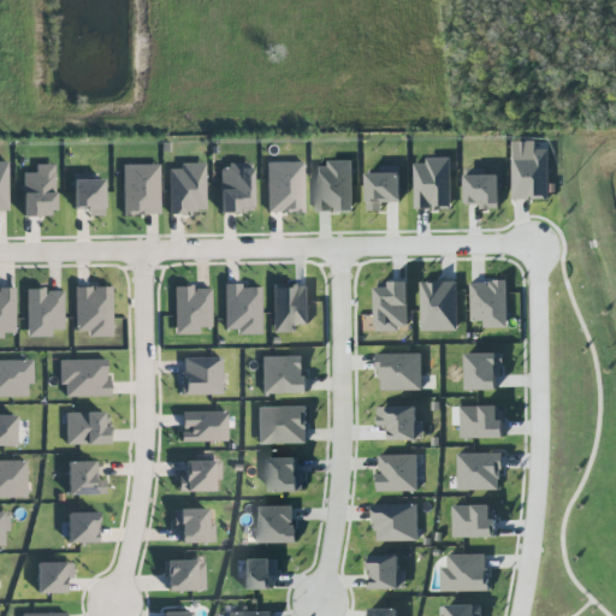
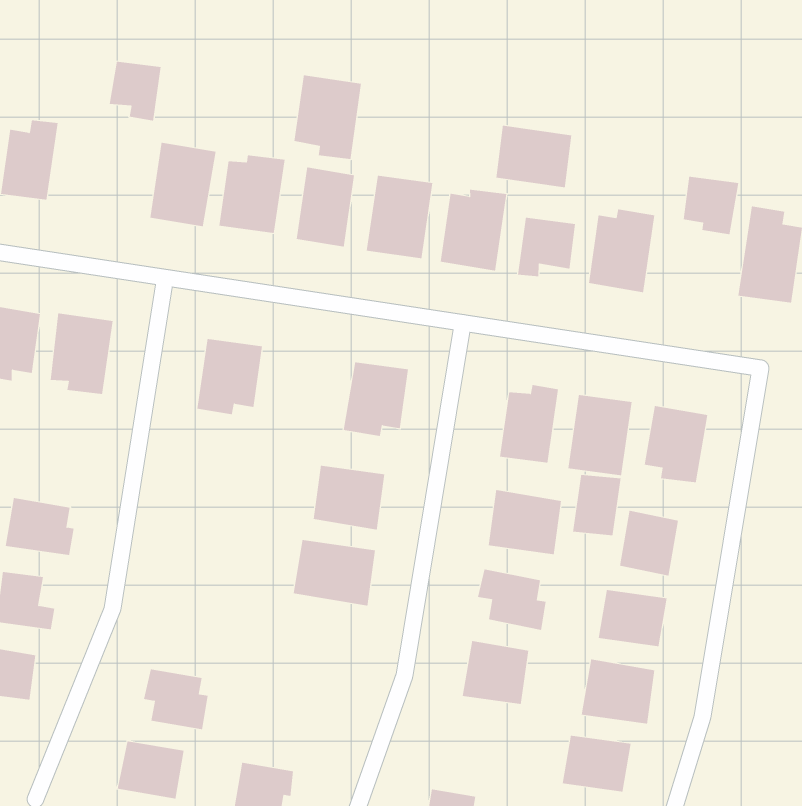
building: none -> [294,74,361,160]
building: none -> [496,125,572,188]
building: [466,173,499,208] -> [683,176,739,235]
building: [72,178,103,214] -> [109,61,161,121]
building: [224,284,261,333] -> none
building: none -> [572,474,621,536]
building: [180,356,223,395] -> none
building: [58,359,108,396] -> none
building: [180,410,226,440] -> none
building: [263,456,304,491] -> none
building: [178,460,220,491] -> none
building: [374,503,419,540] -> none
building: [255,504,296,543] -> none

